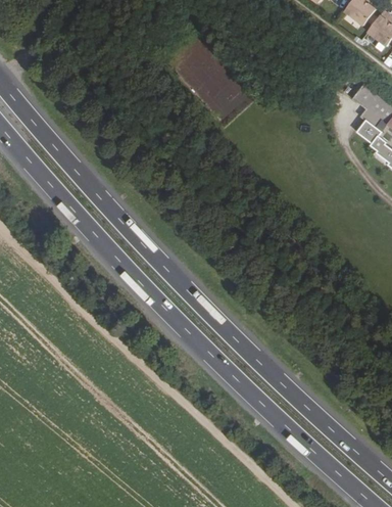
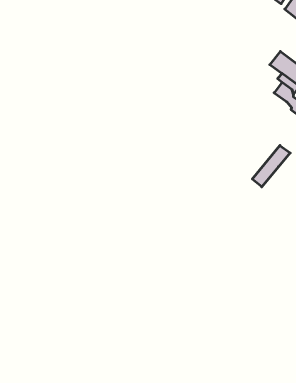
building: none -> [252,145,290,187]

